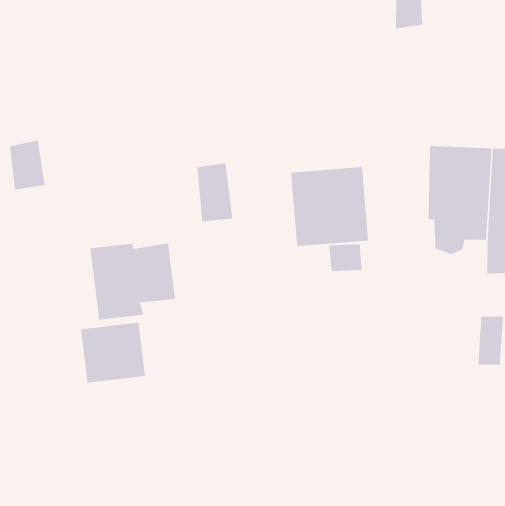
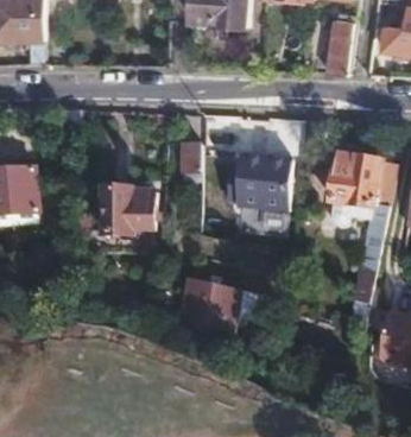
building: [80,322,146,384] -> none
building: none -> [179,281,240,336]

